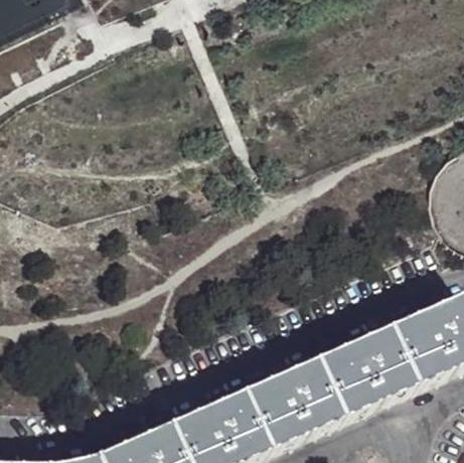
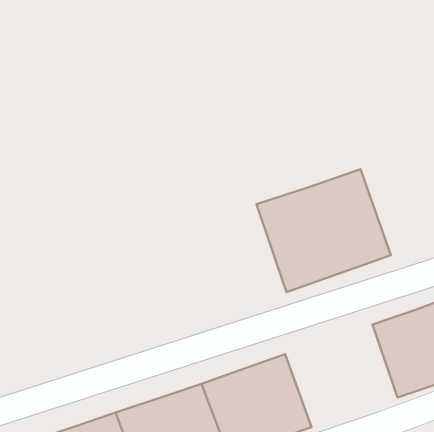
building: none -> [256,169,391,292]
building: [311,327,412,421] -> none

